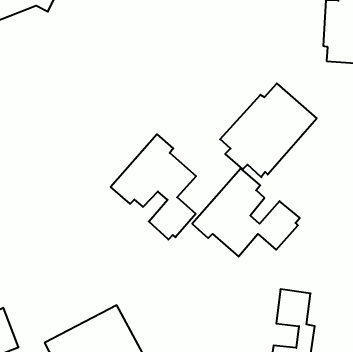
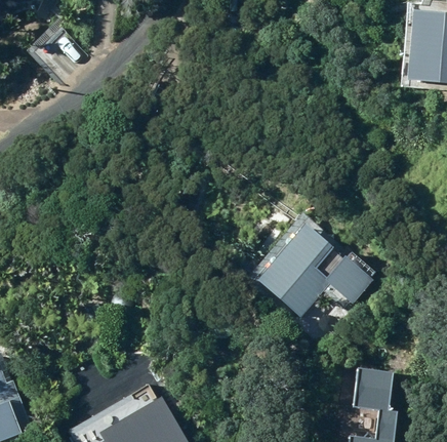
building: [220,83,317,177] -> none
building: [111,134,196,240] -> none

